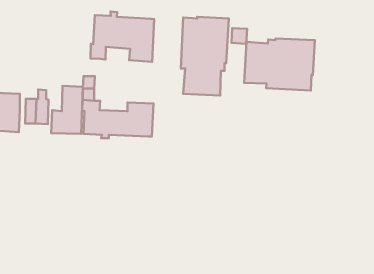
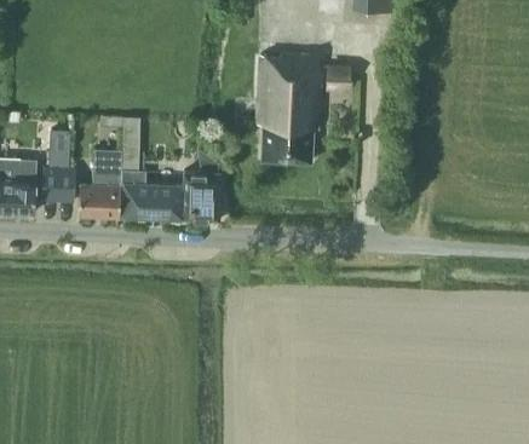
building: [90,11,154,62] -> none
building: [244,38,315,91] -> none

